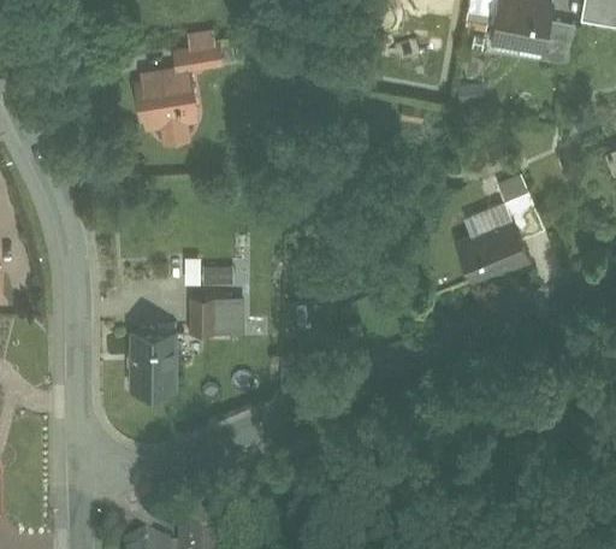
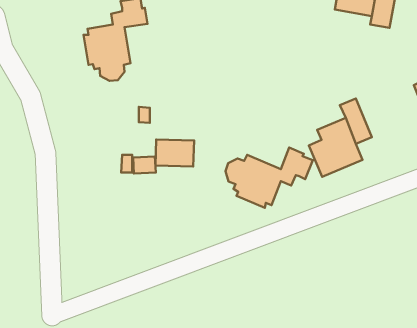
building: none -> [225,147,313,208]
building: [189,296,244,335] -> [155,140,194,166]
building: [128,331,177,390] -> none

